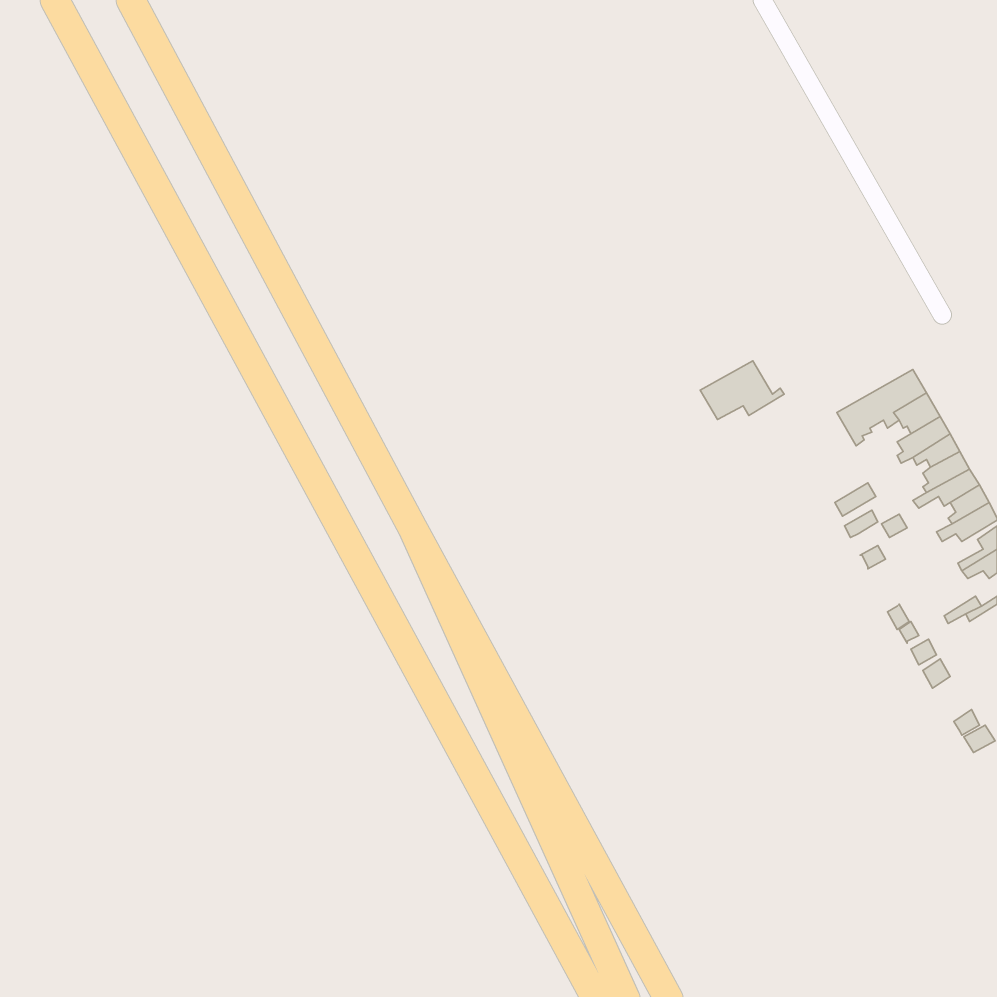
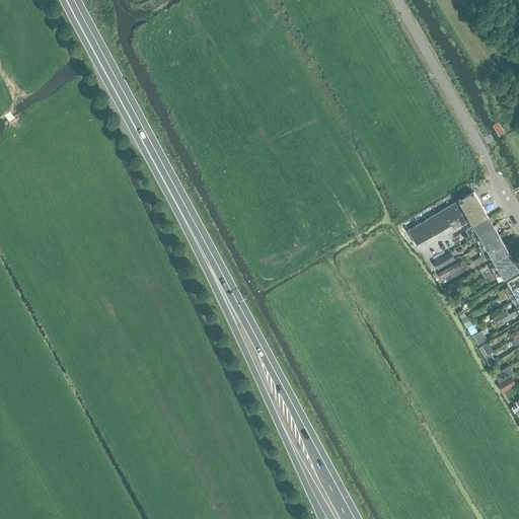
building: [700,361,784,419] -> [406,215,450,245]

